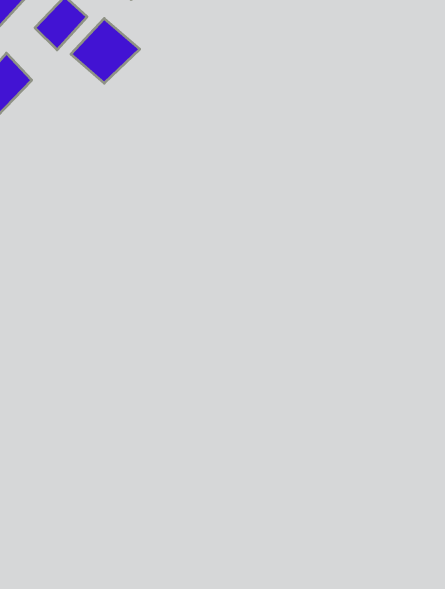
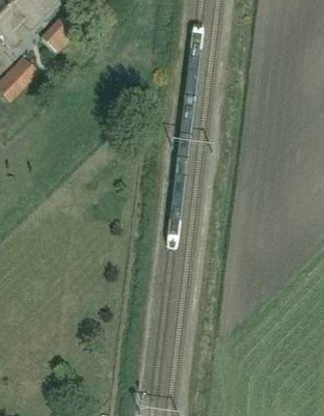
building: [71,18,140,83] -> none

